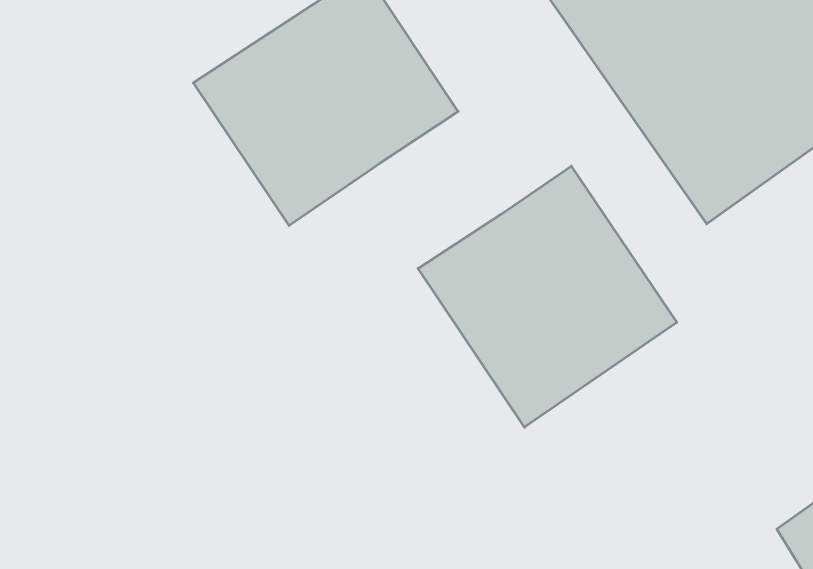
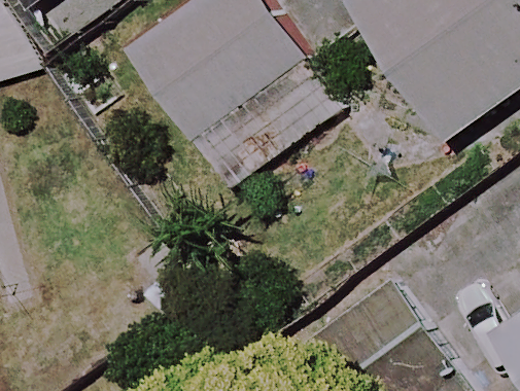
building: [418,166,677,427] -> none

